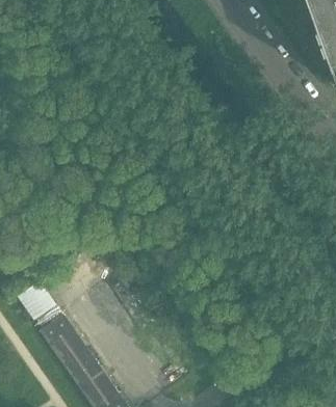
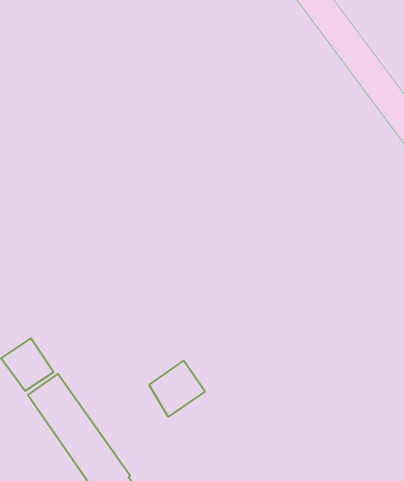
building: none -> [149,361,205,417]

